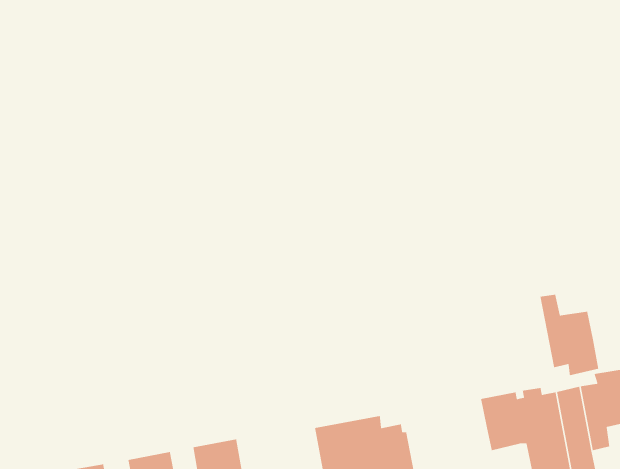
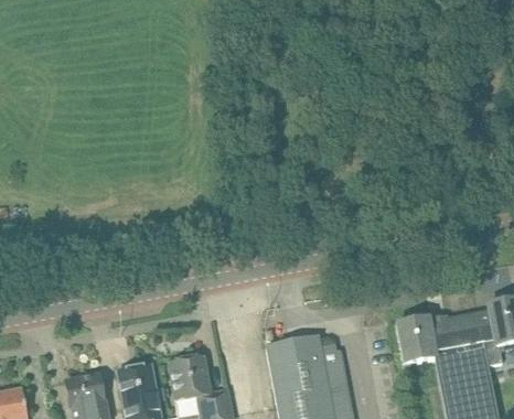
building: [540,294,599,376] -> none

